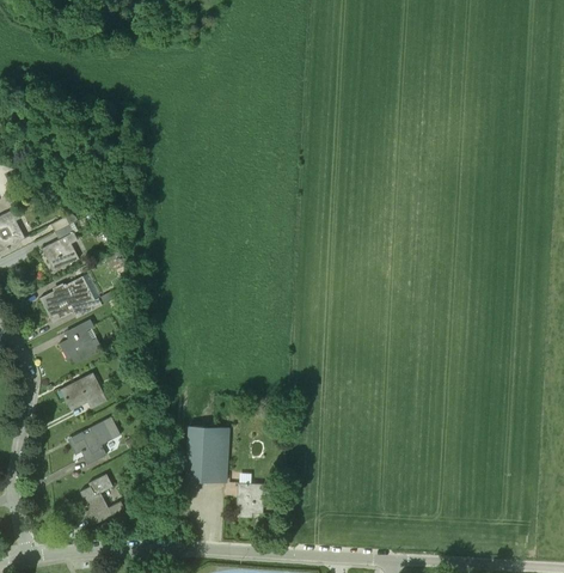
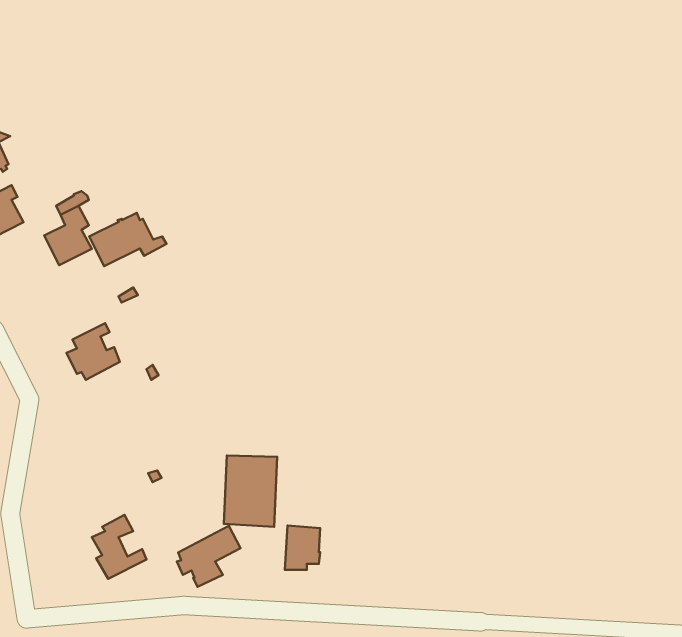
building: [41,279,103,322] -> [89,213,166,266]
building: [60,371,108,410] -> none
building: [70,415,122,464] -> [177,526,241,587]

